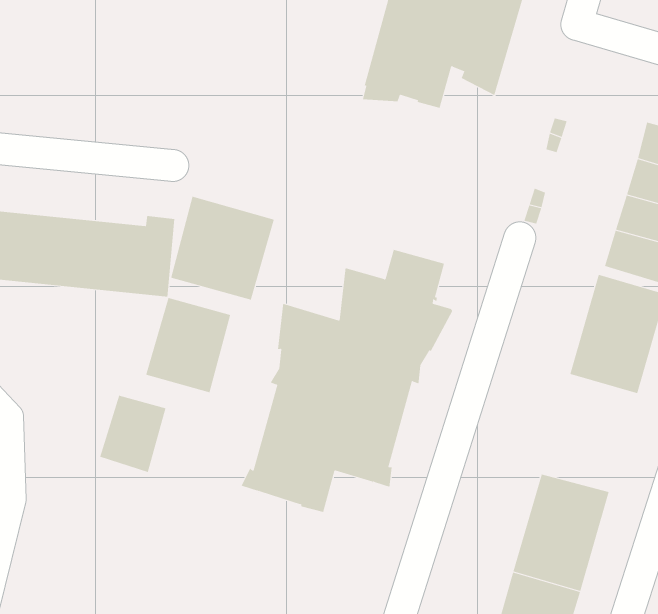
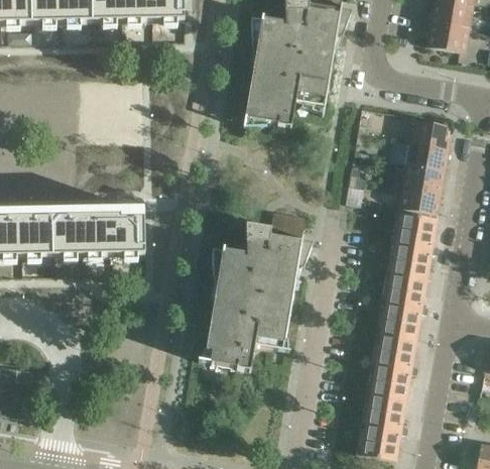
building: [171,196,275,300] -> none
building: [146,297,231,393] -> none
building: none -> [376,268,427,335]
building: [99,395,166,473] -> none

